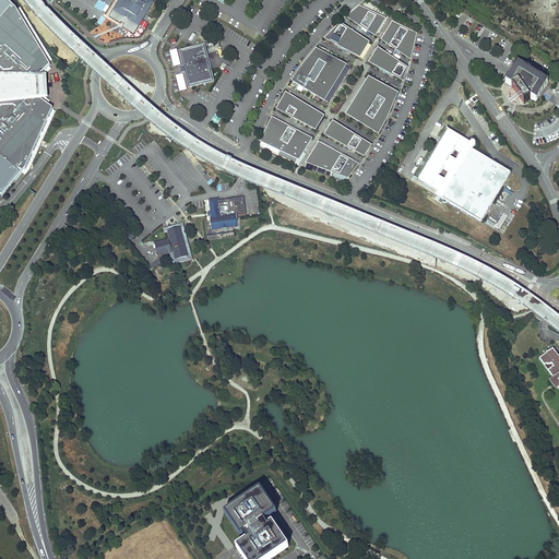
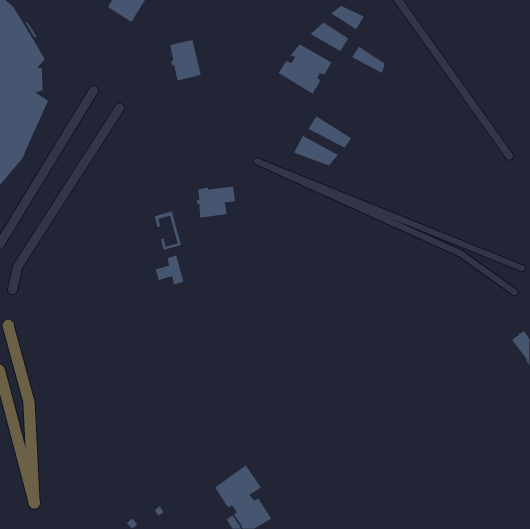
building: [382,21,414,56] -> none
building: [504,61,547,102] -> none
building: [346,76,395,131] -> none
building: [277,92,322,127] -> none
building: [261,116,309,157] -> none
building: [417,128,510,219] -> none
building: [155,227,186,259] -> [155,255,184,285]

